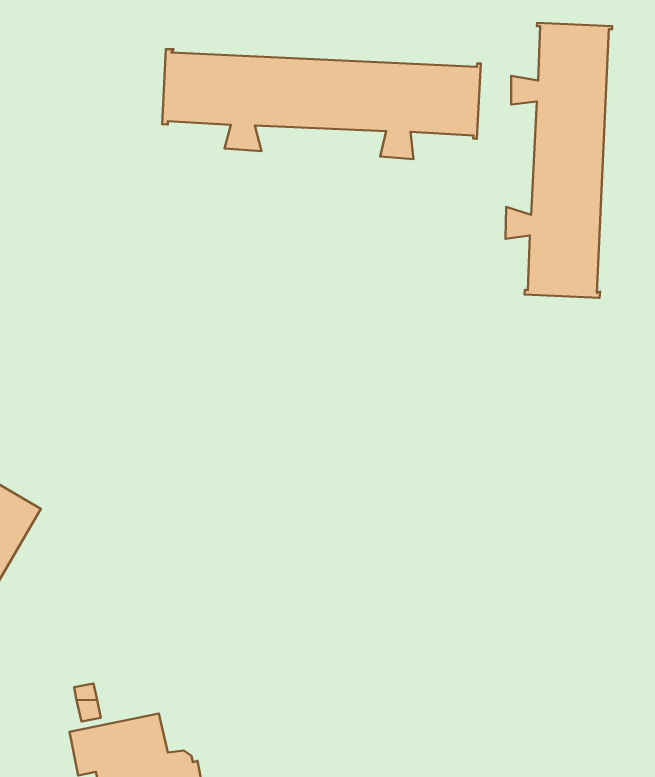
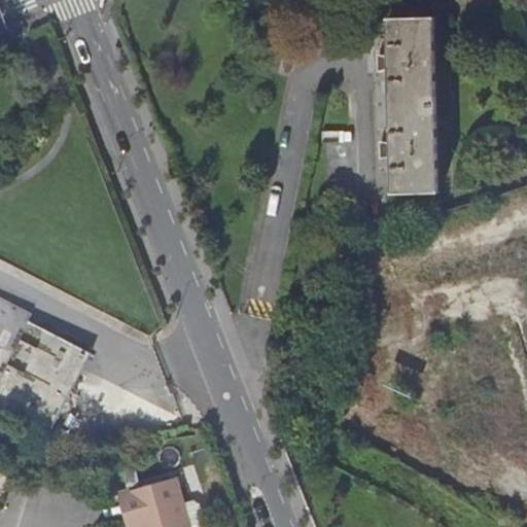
building: [162,49,481,159] -> none

